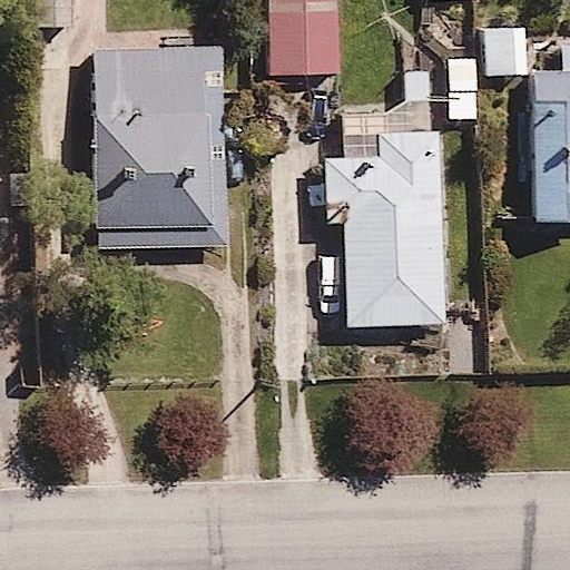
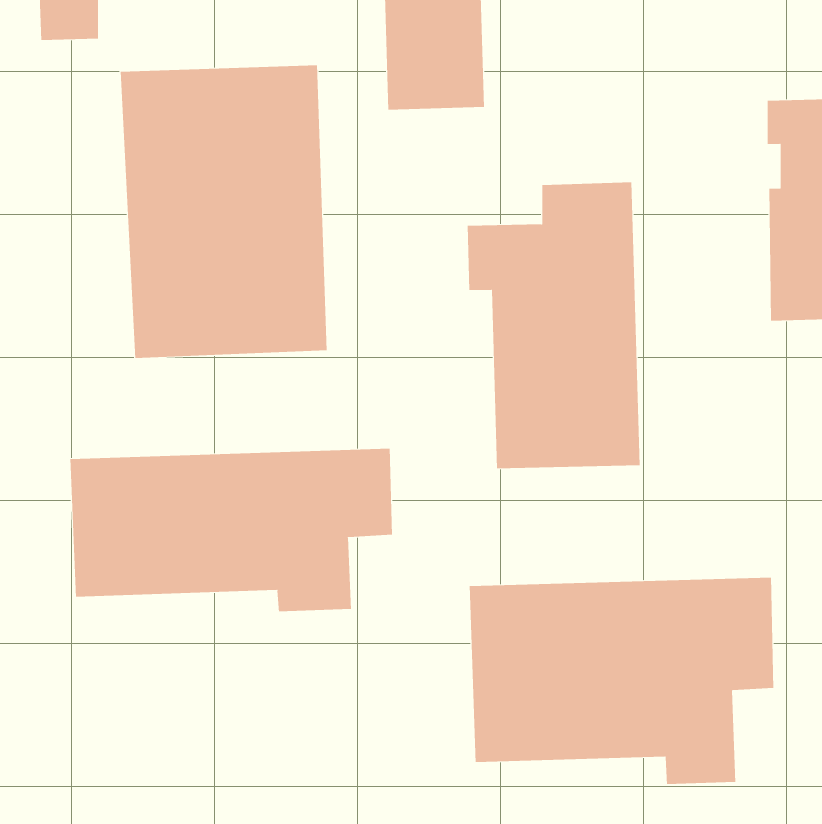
building: none -> [70,448,392,612]
building: none -> [469,577,774,785]

